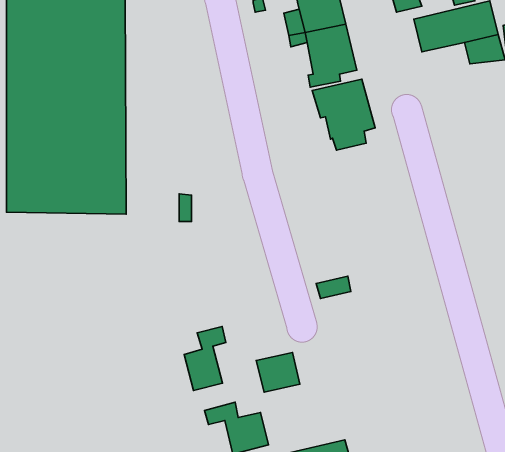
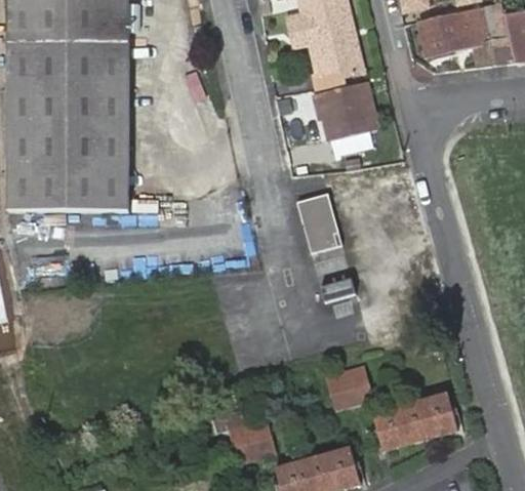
building: none -> [297,195,341,255]
building: [184,327,226,391] -> none
building: [256,353,300,392] -> [326,367,370,407]
building: none -> [372,393,458,447]

